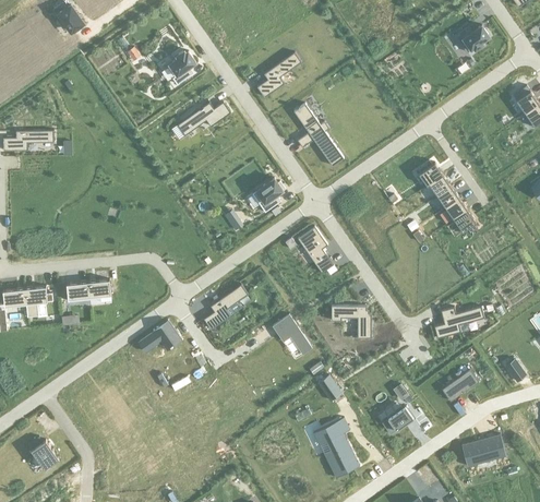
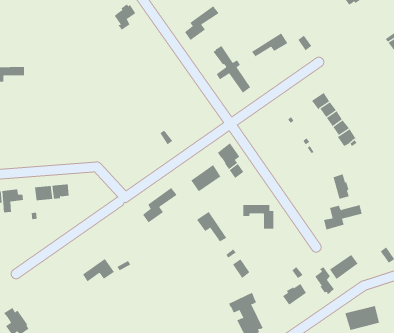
building: none -> [251,33,288,57]
building: [177,100,230,134] -> none
building: [251,177,285,211] -> none
building: none -> [190,164,221,192]
building: none -> [333,174,350,200]
building: [139,320,180,350] -> [82,258,115,282]
building: none -> [315,267,335,295]

